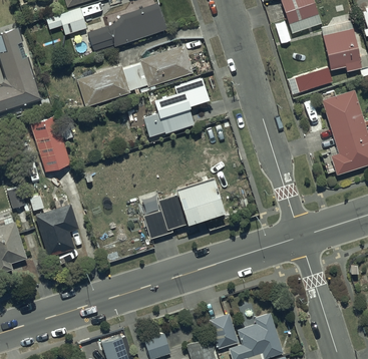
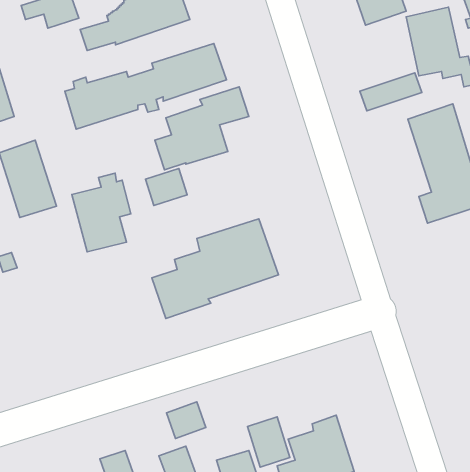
building: none -> [145,168,187,206]
building: [35,199,77,255] -> [72,173,131,252]
building: none -> [166,402,206,439]

